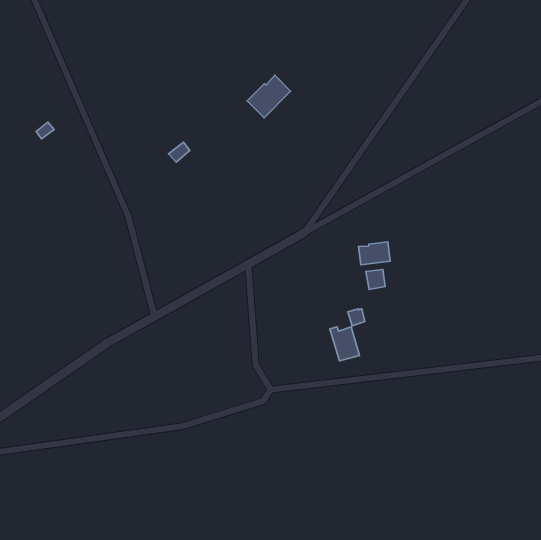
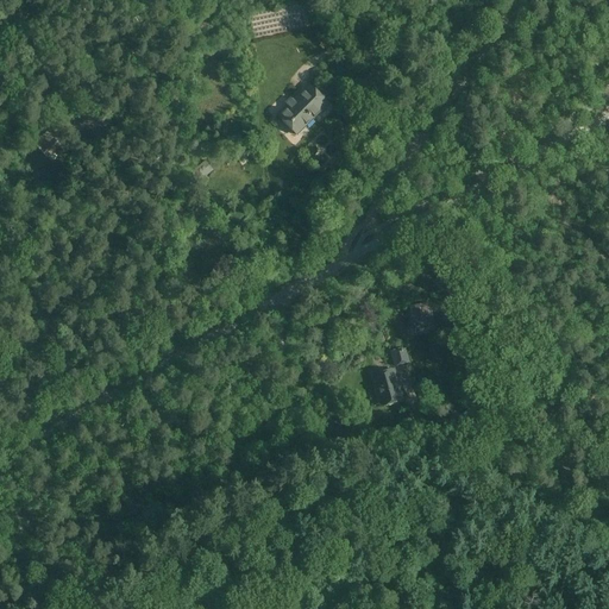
building: [358,242,390,265] -> none

